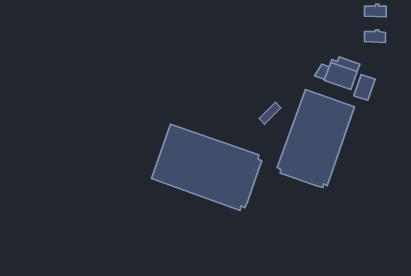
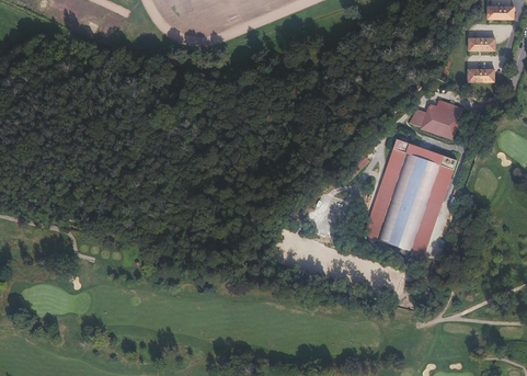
building: [354,74,375,100] -> none
building: [151,124,262,210] -> none

